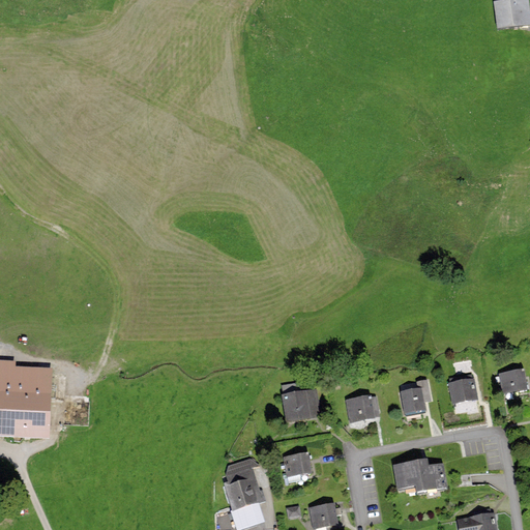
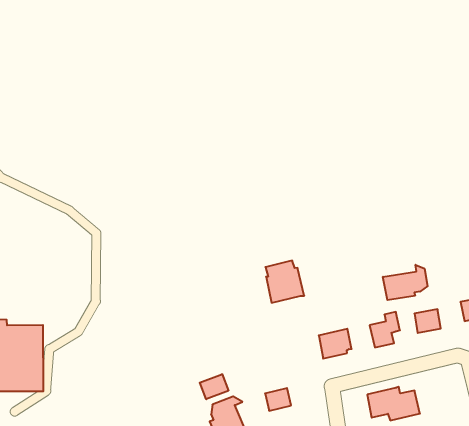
building: none -> [383,265,428,300]
building: [282,379,321,422] -> [265,261,304,303]
building: none -> [200,374,228,399]

